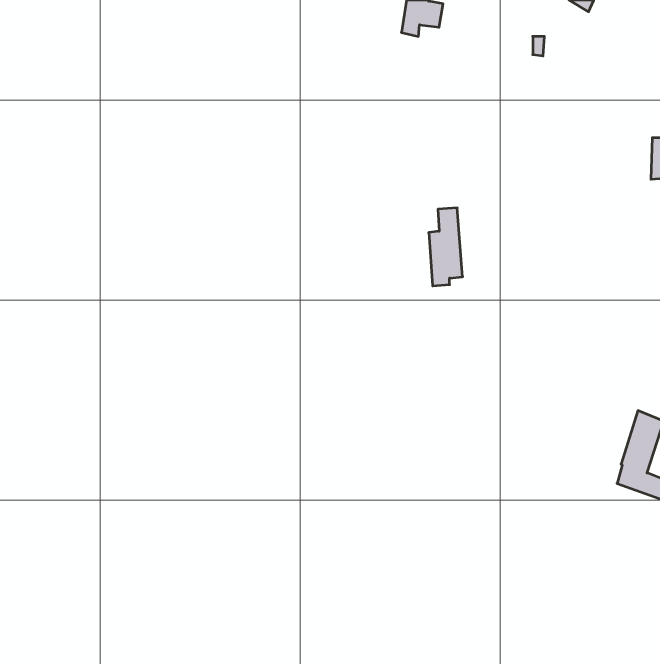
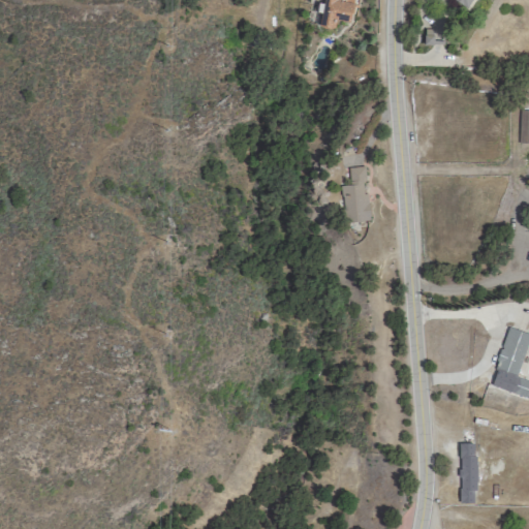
building: none -> [460,442,479,502]

